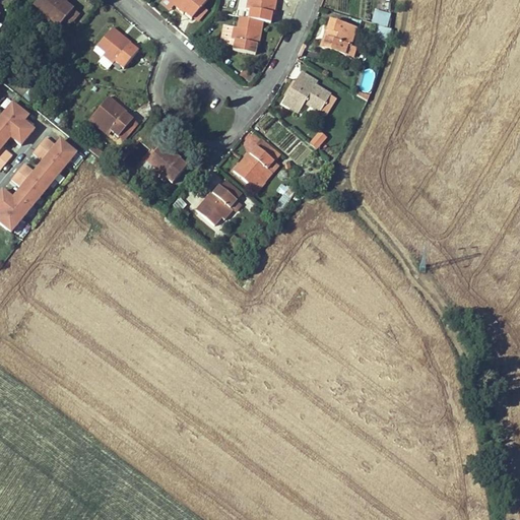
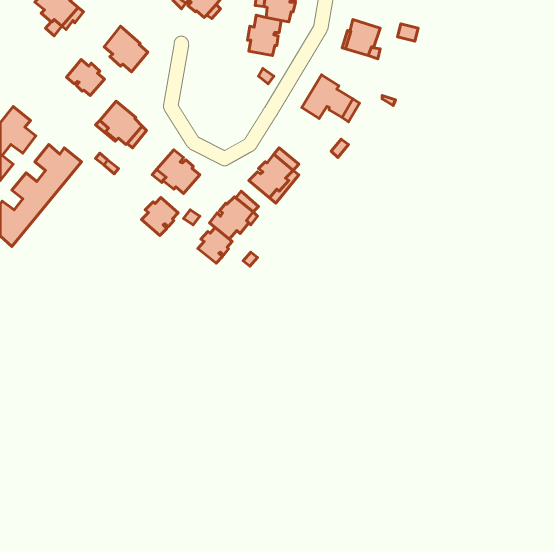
building: none -> [67,60,105,95]
building: none -> [141,198,178,236]
building: none -> [198,227,232,263]

